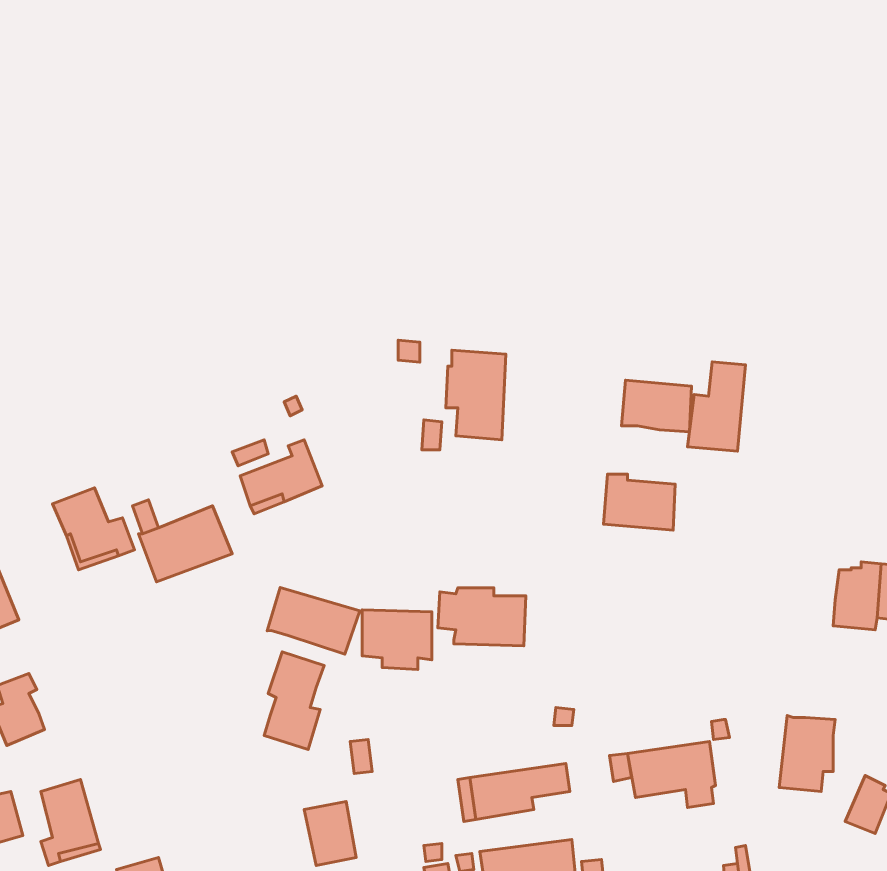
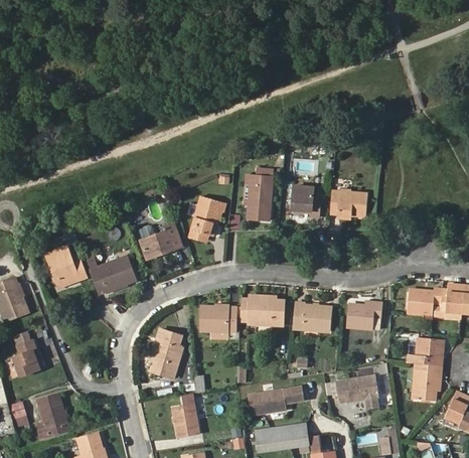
building: [688,362,745,451] -> none
building: none -> [293,188,319,217]
building: none -> [189,196,222,242]
building: [603,474,675,530] -> [293,302,329,330]
building: none -> [405,287,441,314]
building: [267,588,360,654] -> none
building: none -> [346,303,379,329]
building: none -> [408,336,442,363]

